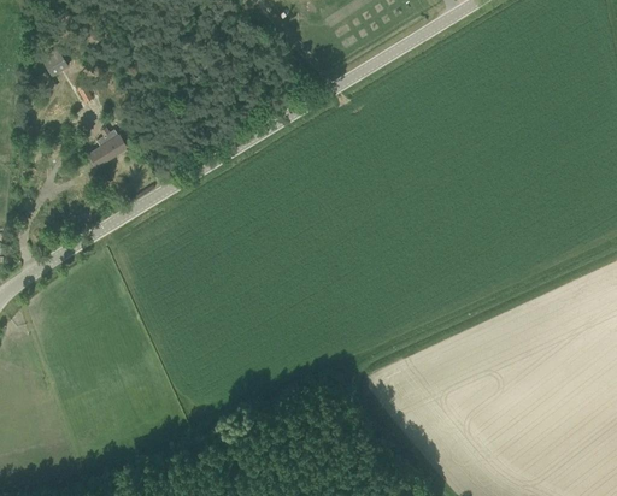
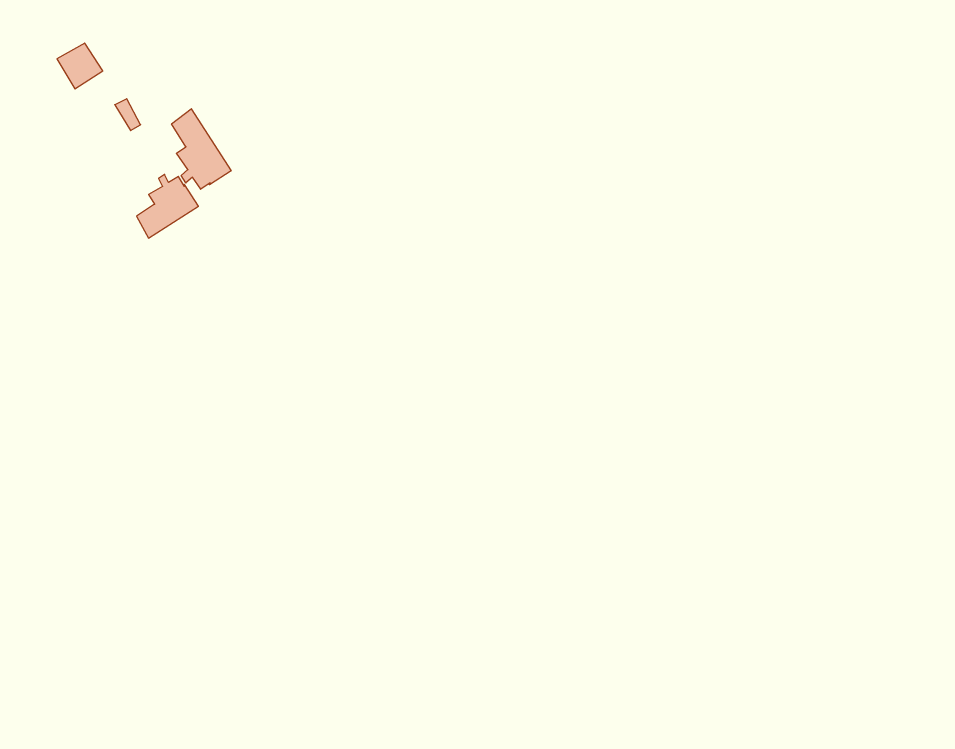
building: none -> [172,109,231,189]

